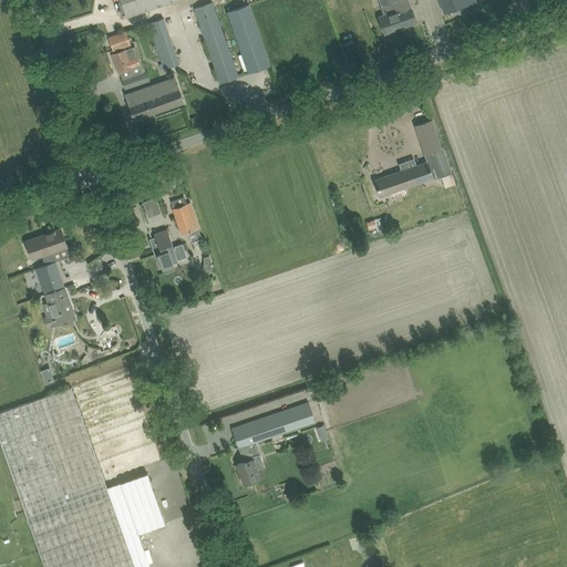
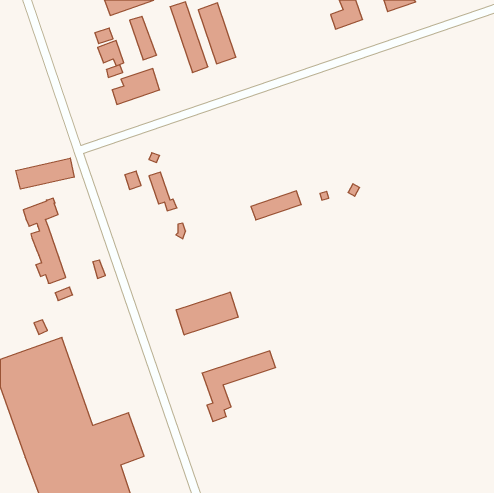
building: [415,121,455,186] -> none
building: [375,163,433,196] -> [251,191,301,220]
building: none -> [16,158,74,189]
building: [148,230,187,270] -> none
building: none -> [176,292,238,335]

